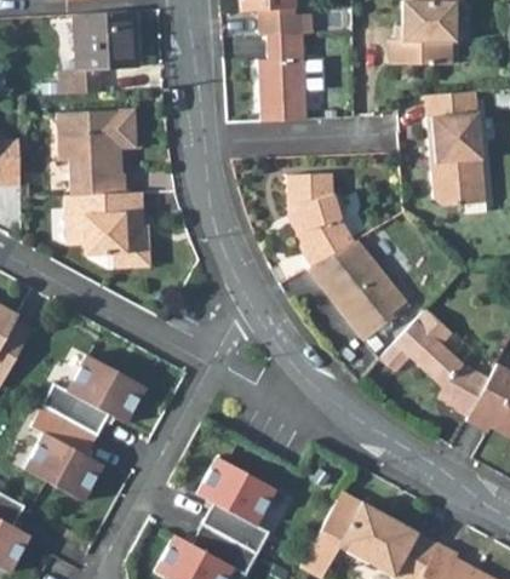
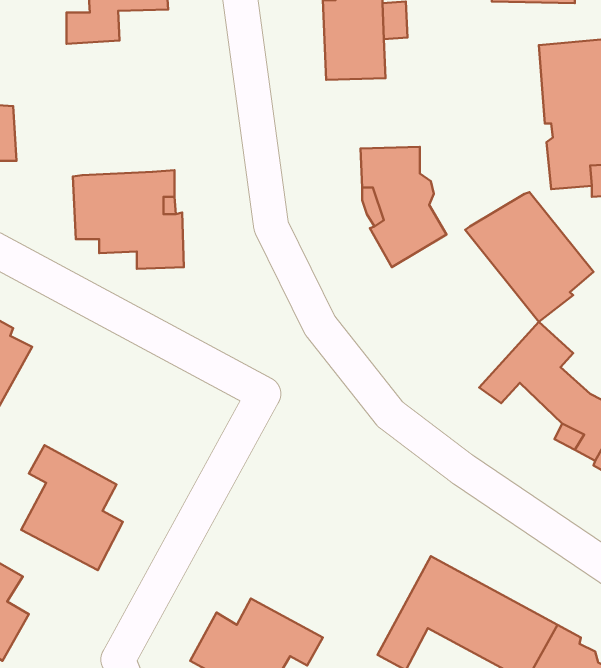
building: [57,109,137,195] -> none
building: [308,240,407,340] -> [465,192,593,322]
building: [42,355,145,435] -> none
building: [197,457,276,554] -> none

